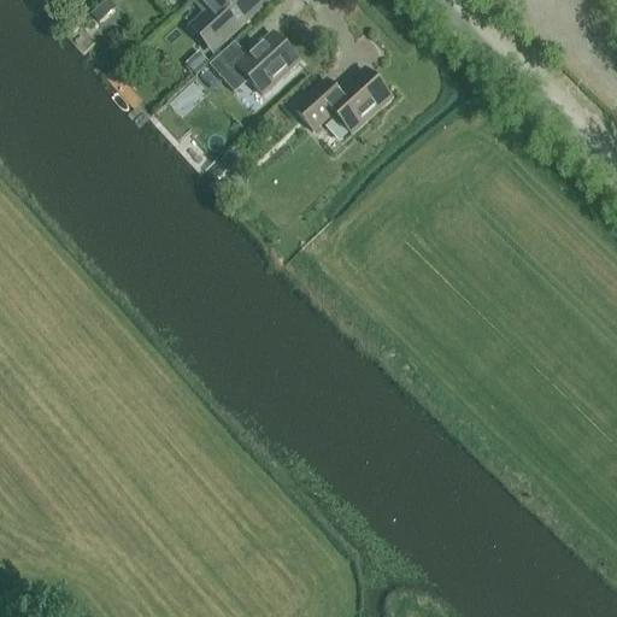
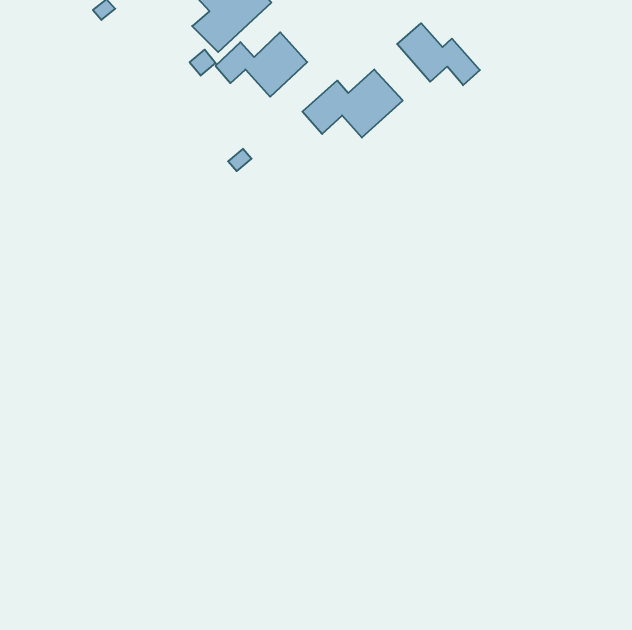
building: none -> [397,23,480,85]

